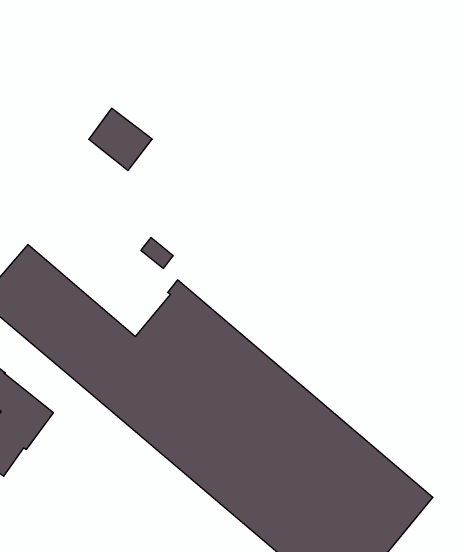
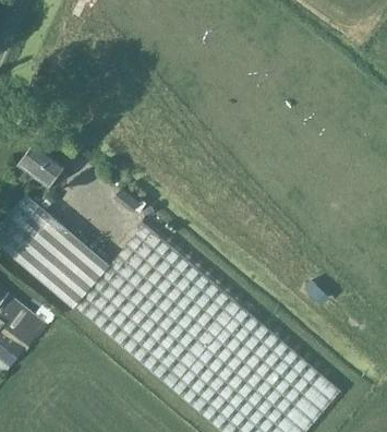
building: [89,108,152,170] -> [17,141,66,189]

